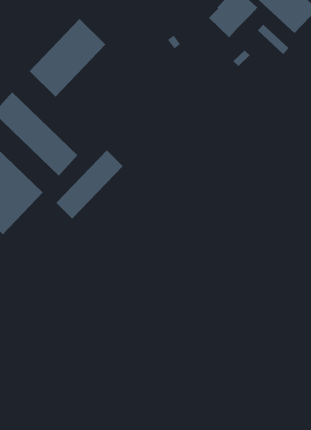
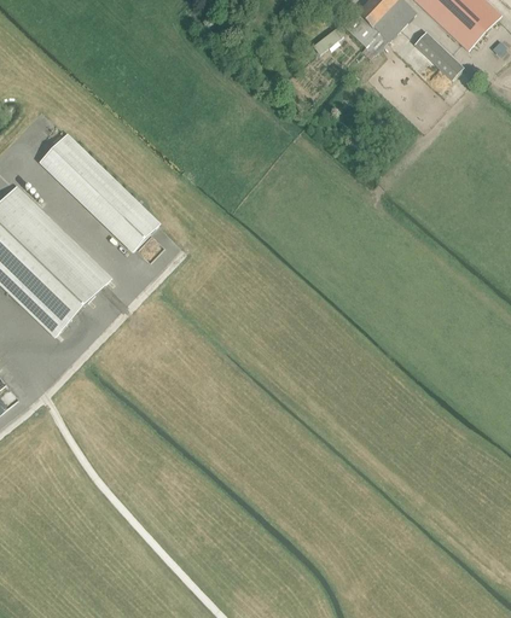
building: [29,18,106,97] -> none
building: [56,150,123,220] -> none

